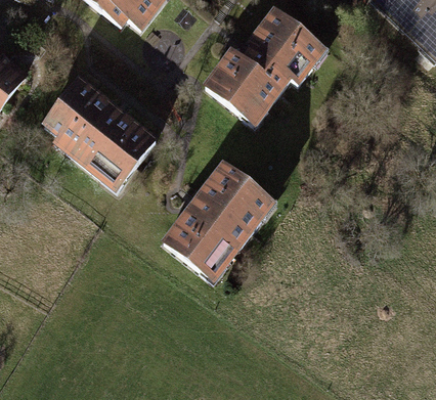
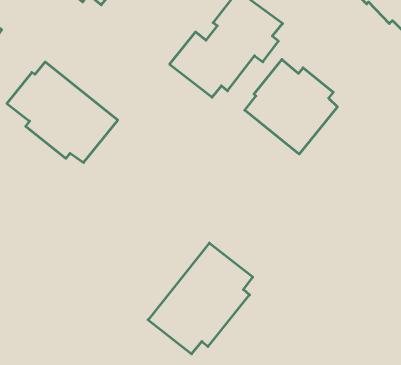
building: none -> [245,59,337,154]
building: [163,165,266,274] -> [148,243,253,354]

